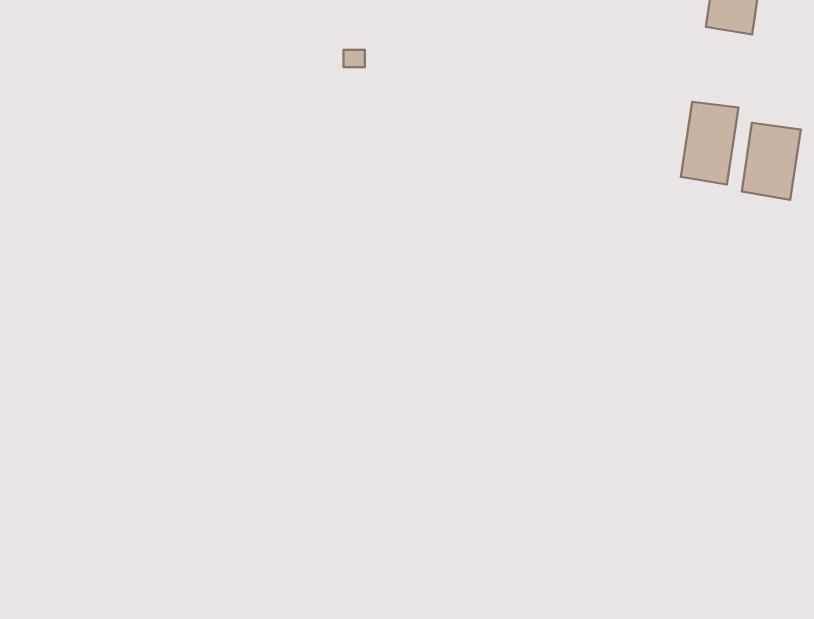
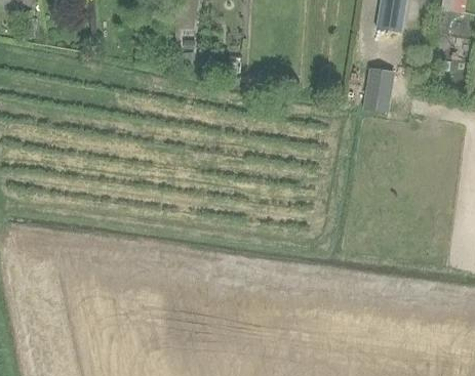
building: [742,123,801,200] -> none

